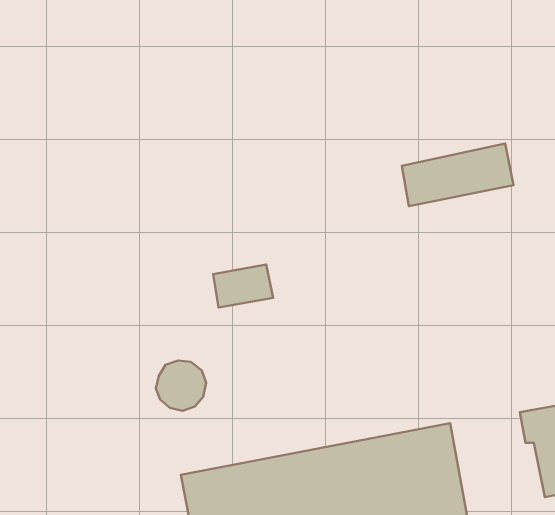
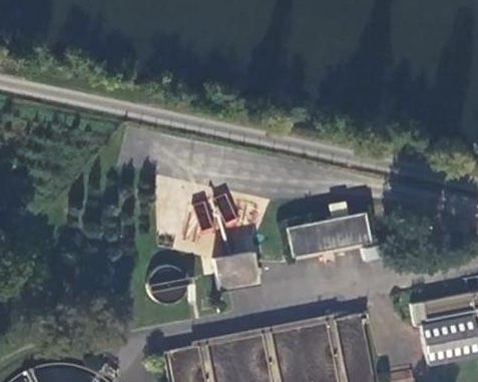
building: [402,144,513,206] -> [288,209,368,254]
building: none -> [212,250,256,288]

